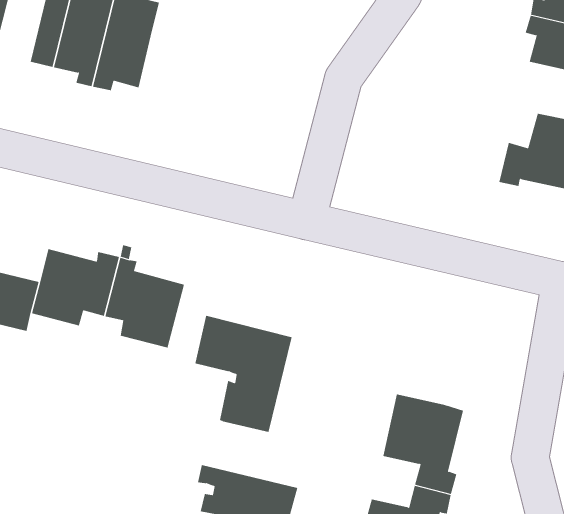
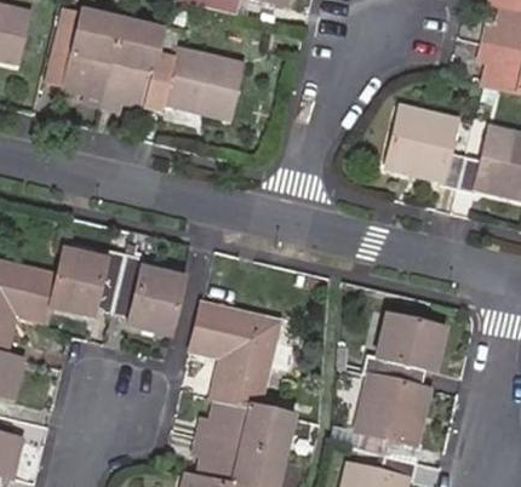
building: none -> [143,48,234,114]
building: none -> [387,105,466,188]
building: none -> [361,316,442,383]
building: none -> [197,397,292,456]

